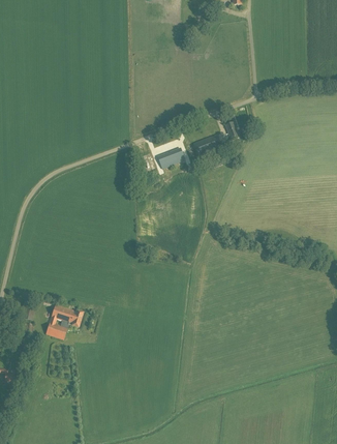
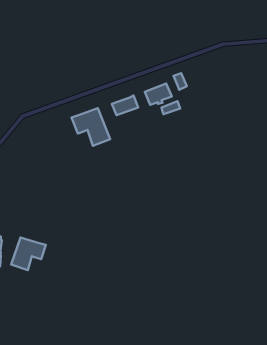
building: none -> [72,108,110,146]

